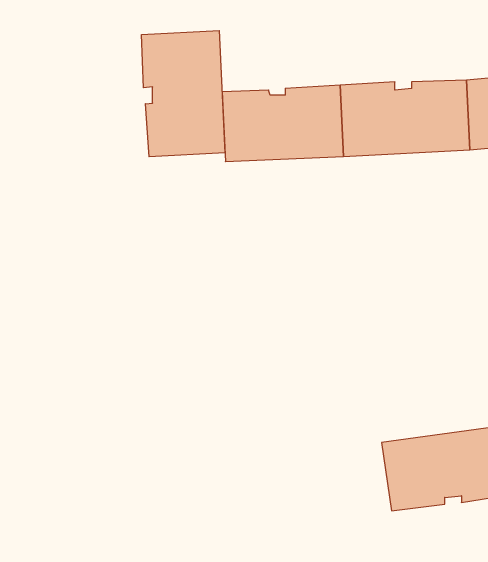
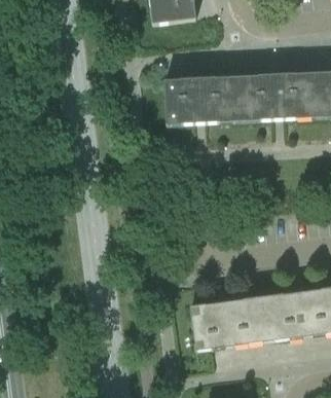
building: [142,31,225,157] -> none
building: none -> [190,296,268,349]

